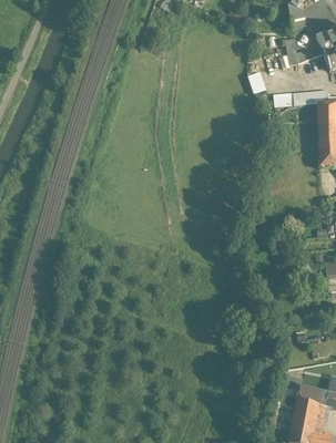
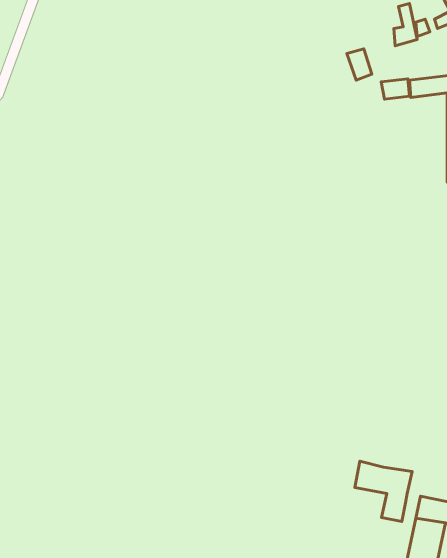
building: none -> [355,461,412,522]

